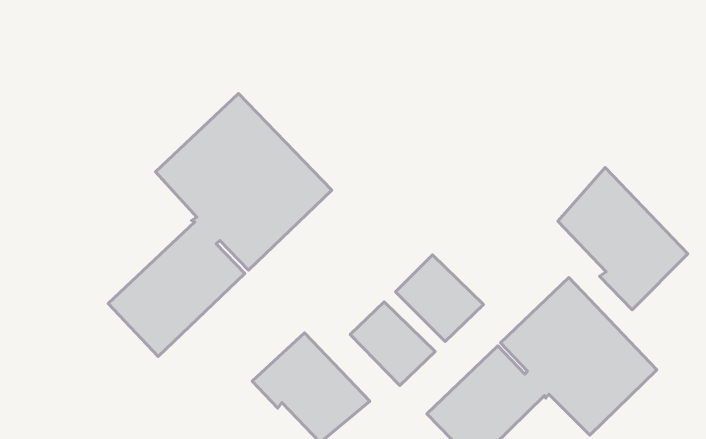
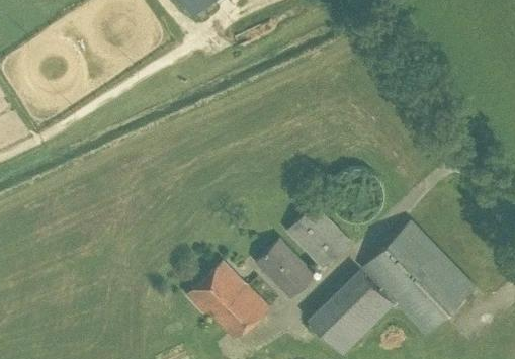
building: [108,94,332,357] -> none
building: [558,167,688,310] -> none

